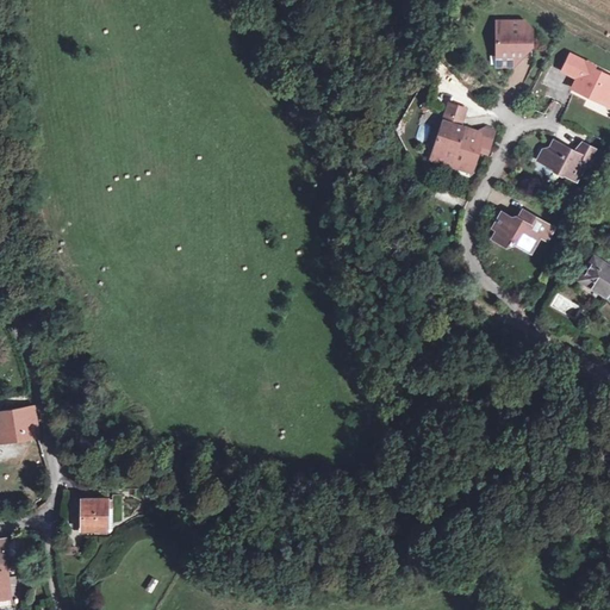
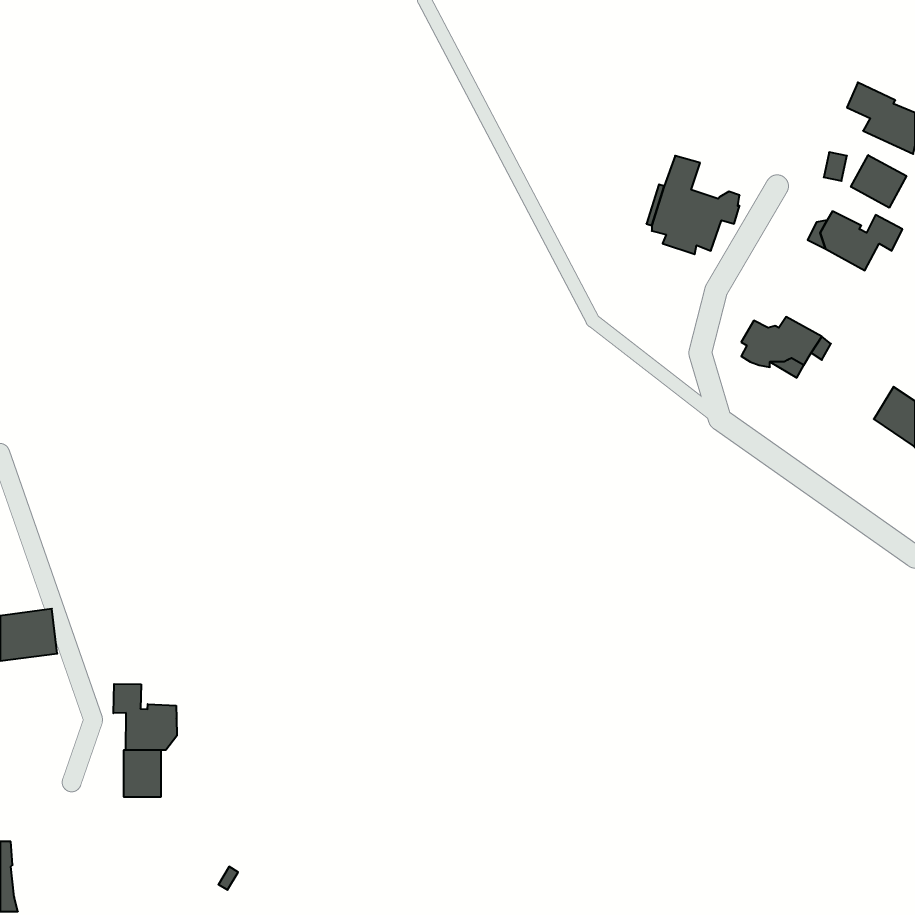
building: [497,30,533,67] -> none
building: none -> [851,155,906,208]
building: none -> [113,684,177,750]

